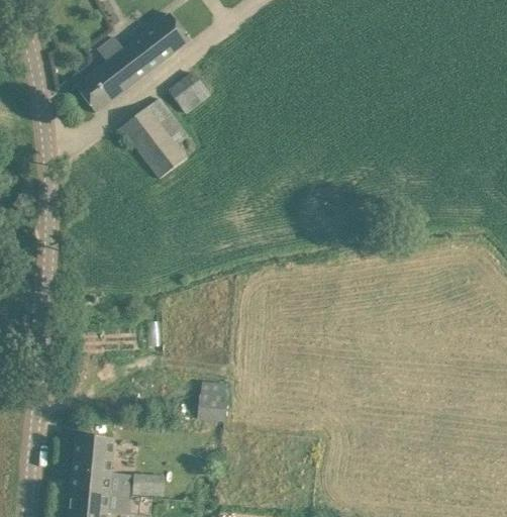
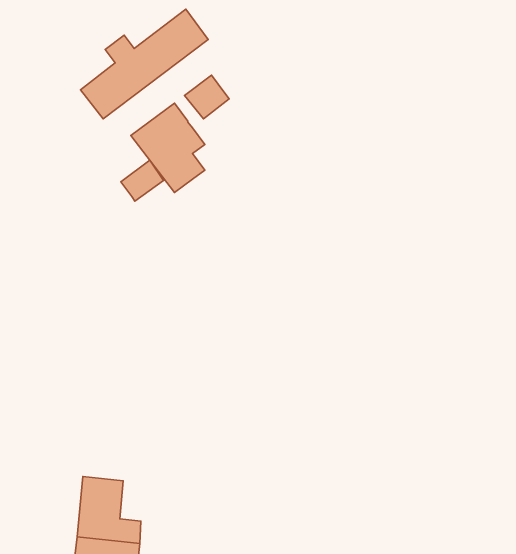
building: none -> [121,160,164,201]
building: [197,395,226,423] -> none
building: [133,472,165,495] -> none

